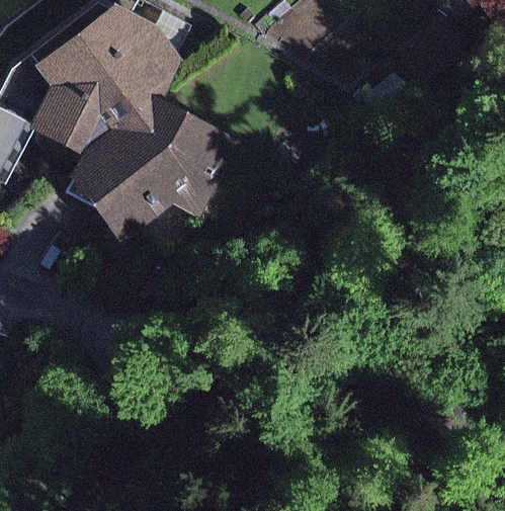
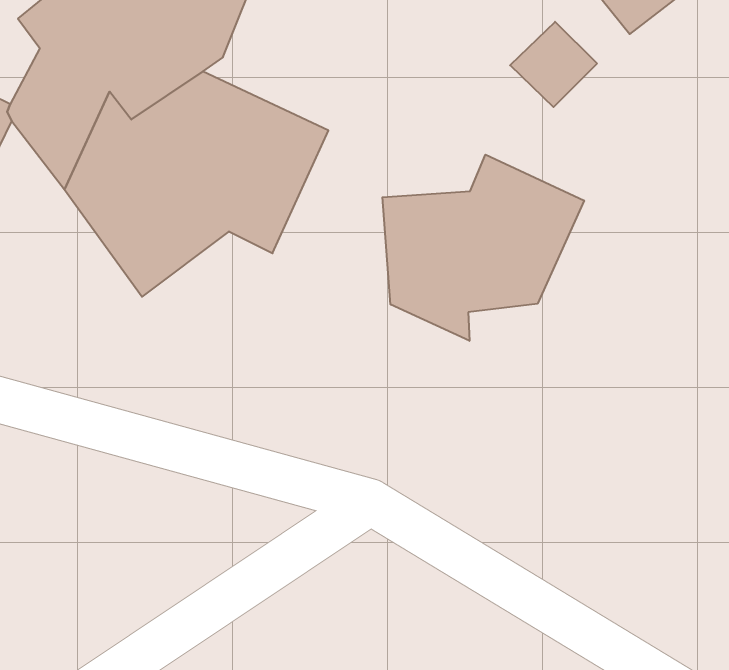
building: none -> [382,155,584,341]

